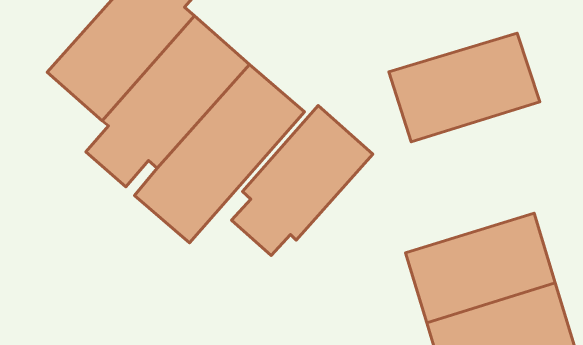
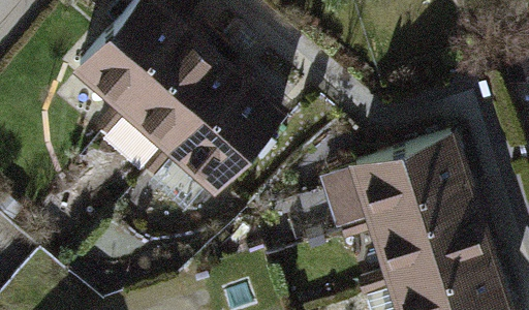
building: [389,33,540,142] -> [351,137,476,227]
building: [232,105,373,255] -> none

